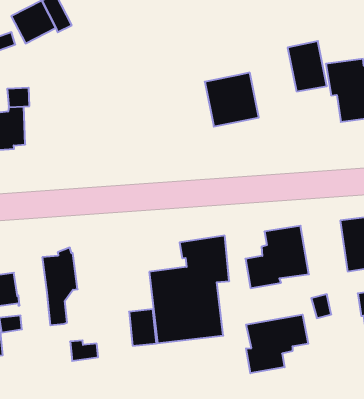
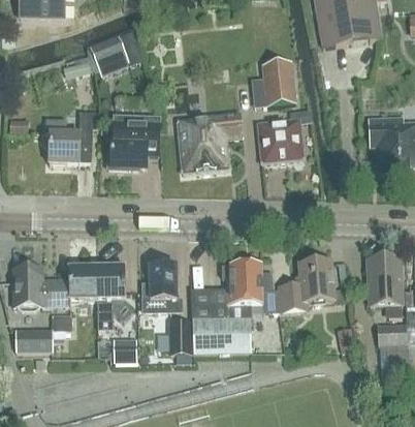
building: [288,41,327,91] -> [262,60,294,103]
building: none -> [177,111,242,171]
building: none -> [109,116,161,167]
building: none -> [140,263,182,311]
building: none -> [68,265,96,298]
building: [246,315,308,373] -> none

